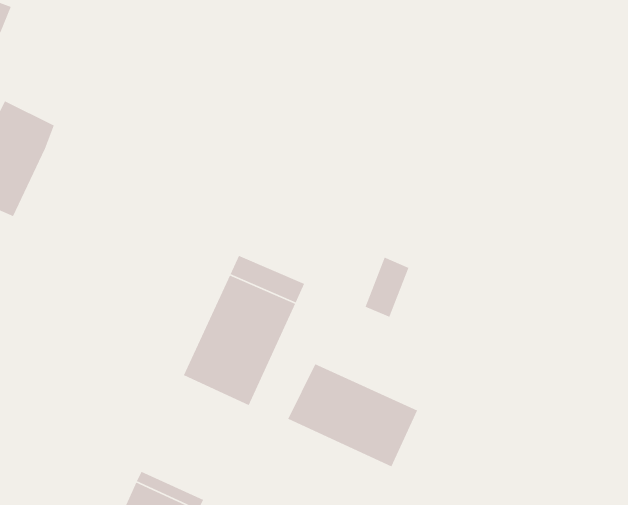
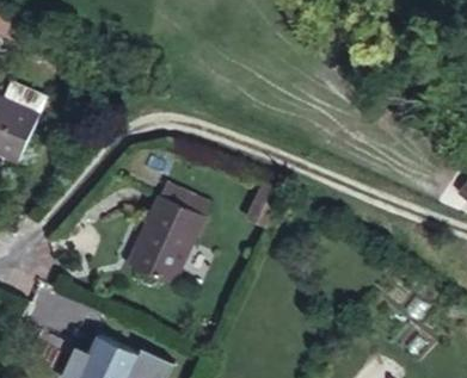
building: [287,363,418,468] -> none

